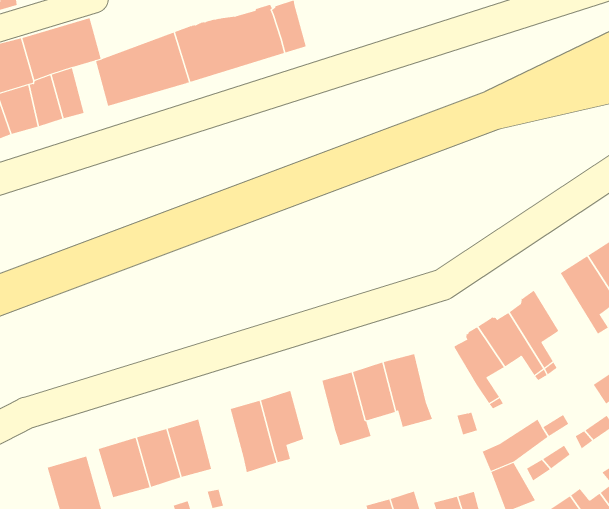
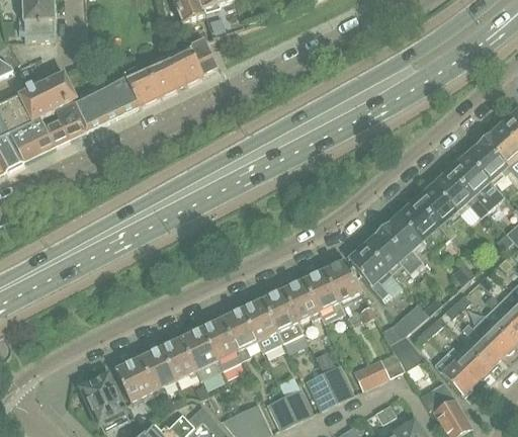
building: none -> [58,101,86,139]
building: none -> [401,199,449,252]
building: none -> [325,260,361,314]
building: none -> [243,298,282,347]
building: none -> [182,328,221,380]

